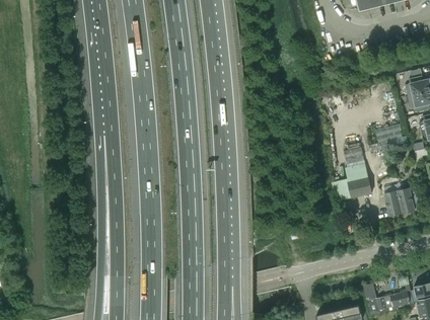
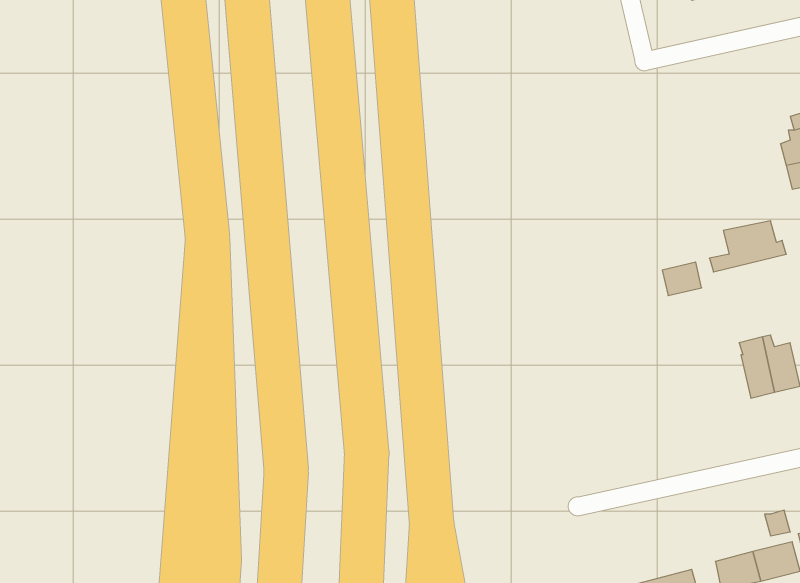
building: [345,162,372,196] -> none

